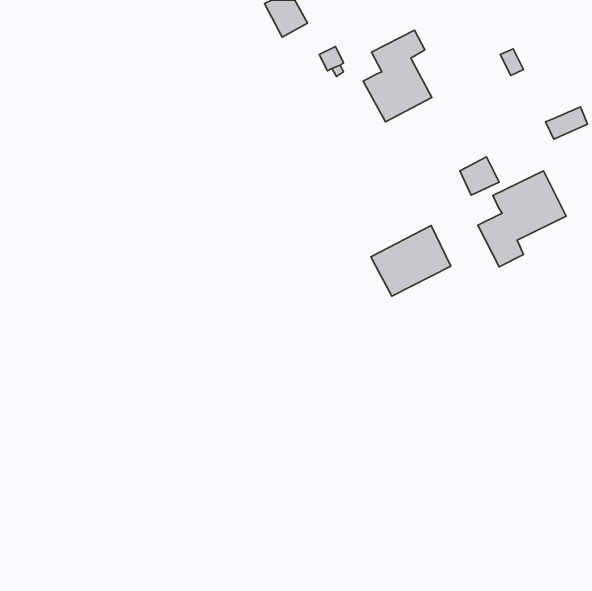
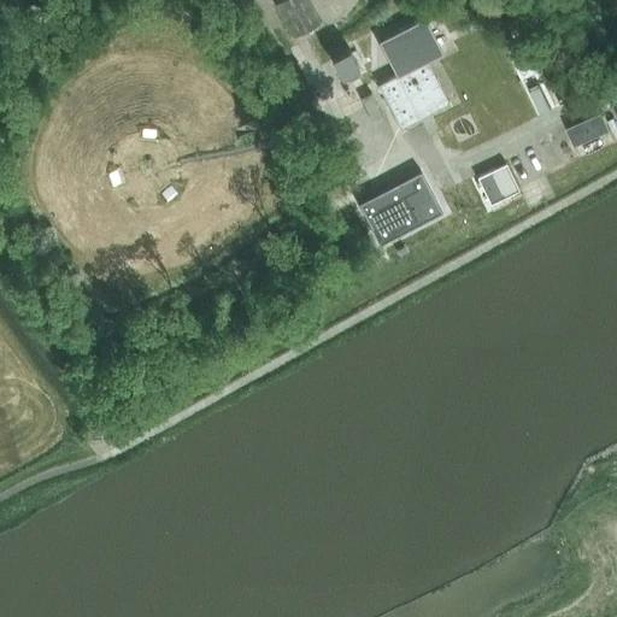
building: [478,171,566,267] -> none
building: [371,225,451,296] -> [359,171,442,245]

